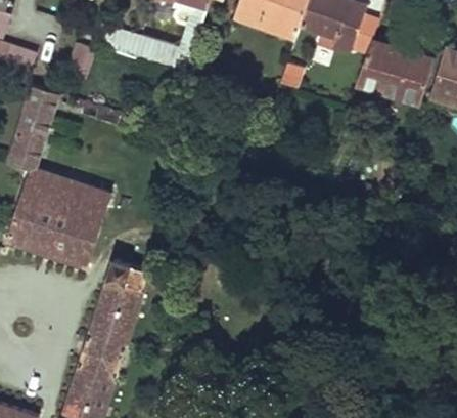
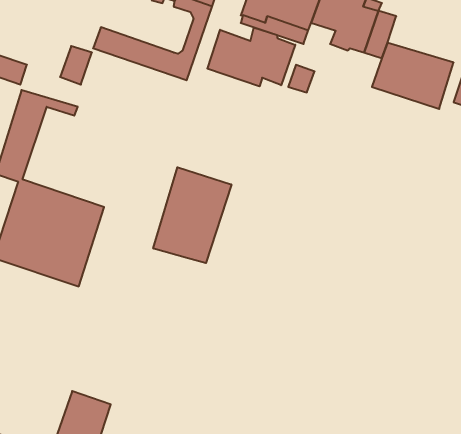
building: none -> [207,28,295,86]
building: none -> [153,167,231,263]
building: [79,259,147,377] -> none

